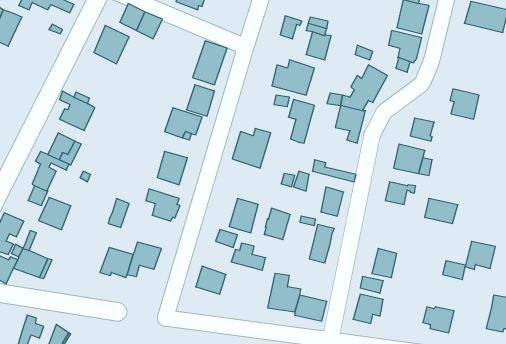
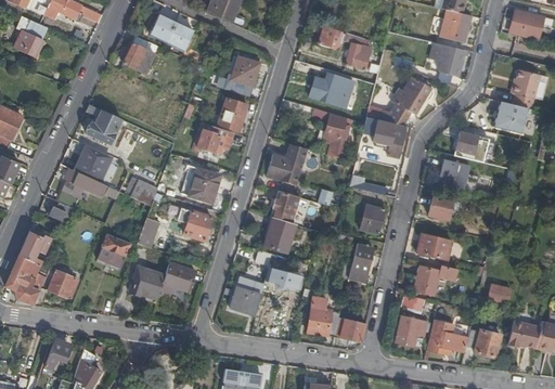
building: none -> [513,70,539,109]
building: none -> [125,177,158,206]
building: [39,197,71,230] -> [98,234,131,268]
building: [425,198,458,223] -> [415,235,450,261]
building: [264,208,290,240] -> [272,189,299,221]
building: [465,241,495,270] -> [506,323,538,352]
building: none -> [427,320,467,353]

